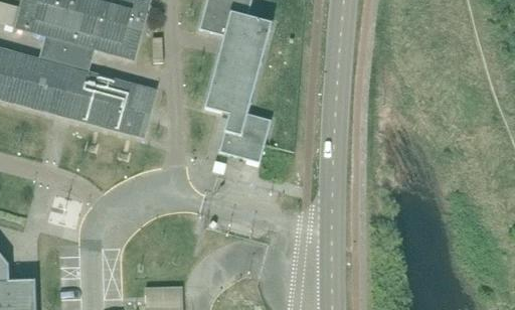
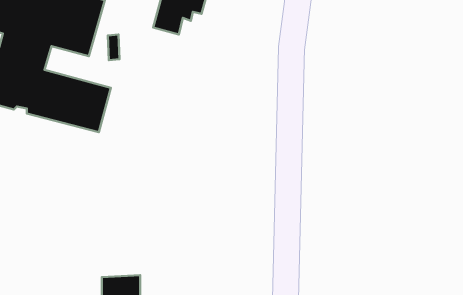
building: [205,13,272,162] -> none

